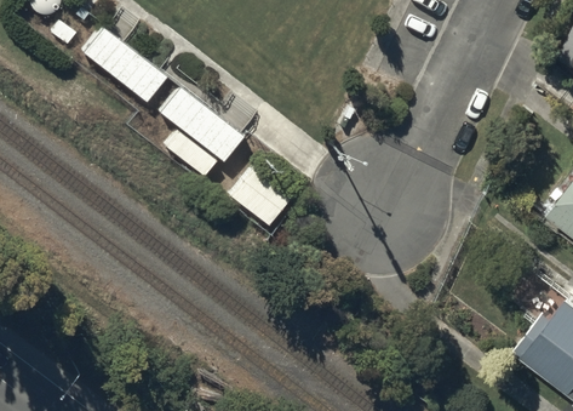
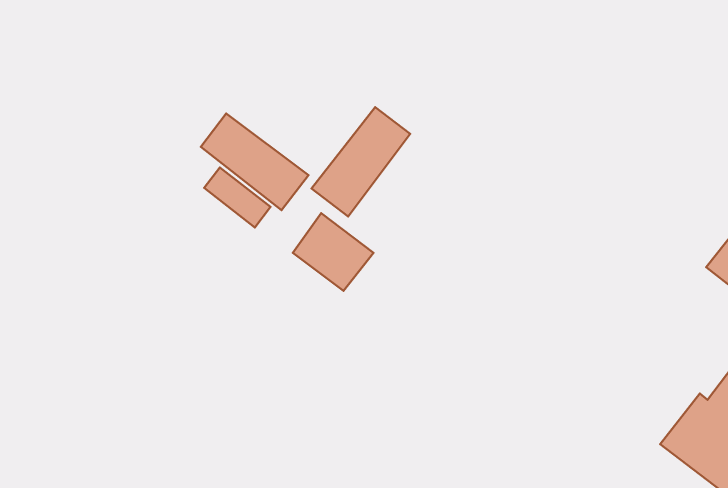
building: [85,34,167,108] -> none
building: none -> [311,107,410,217]

